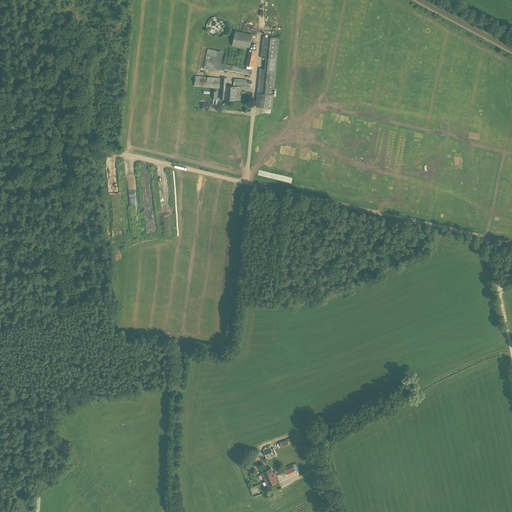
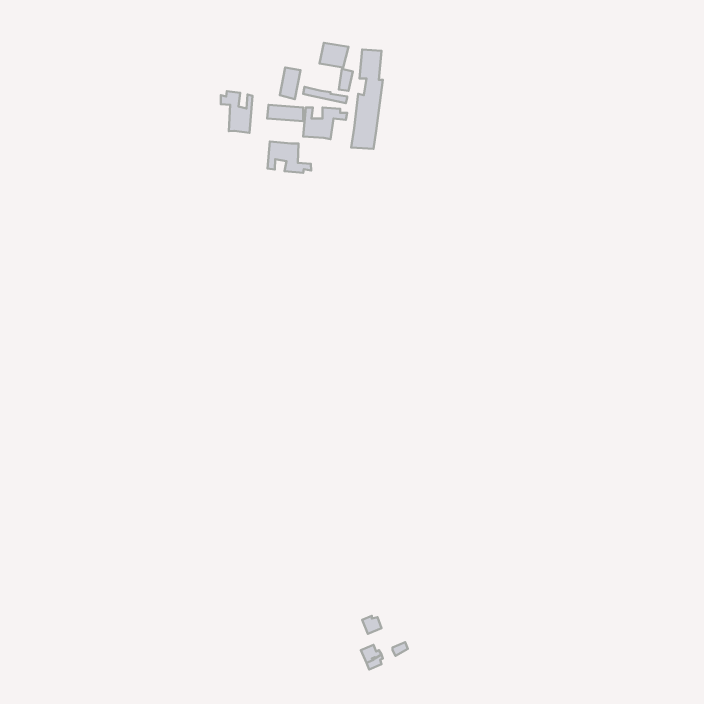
building: none -> [221,91,252,133]
building: none -> [268,141,311,173]

